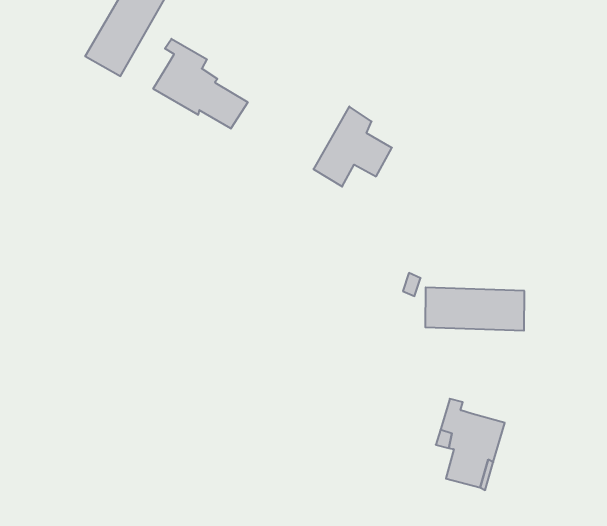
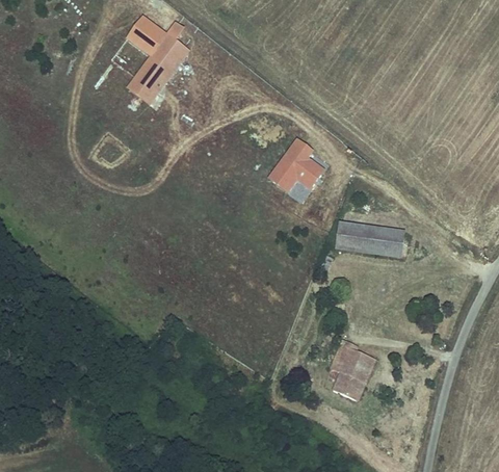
building: [153,39,248,129] -> none
building: [425,287,524,331] -> [336,221,403,257]

